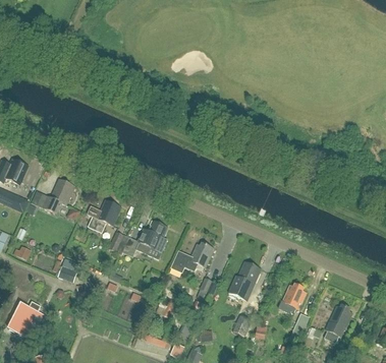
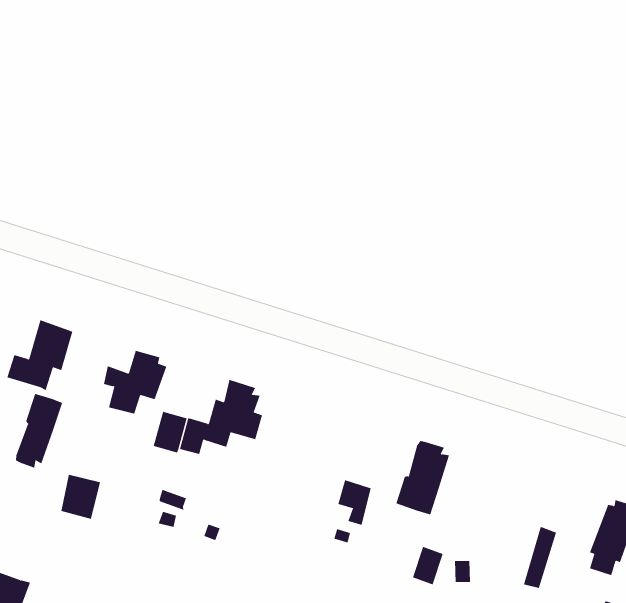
building: none -> [15,393,63,468]
building: [173,241,214,270] -> none
building: [277,283,306,317] -> none

